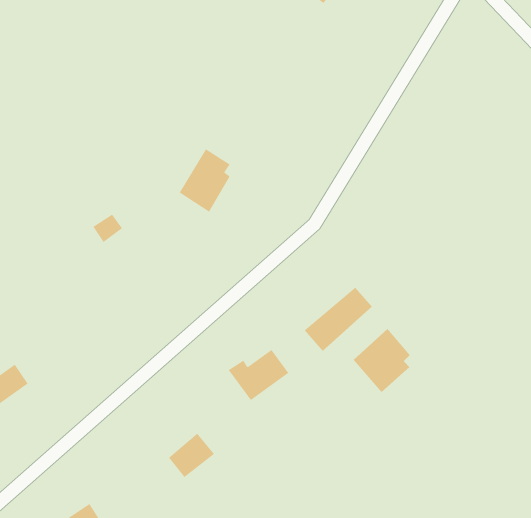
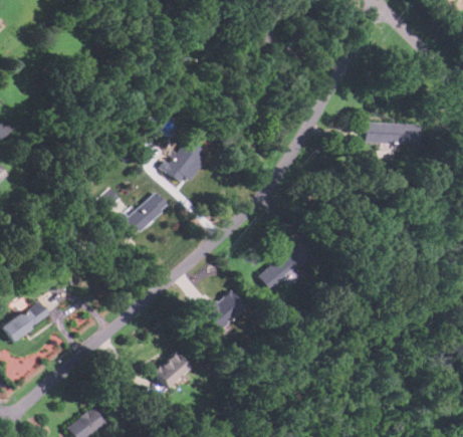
building: none -> [366,123,420,144]
building: none -> [123,191,169,236]
building: [353,328,411,393] -> none

